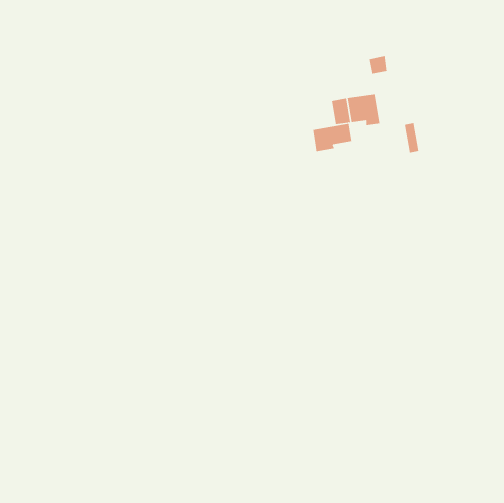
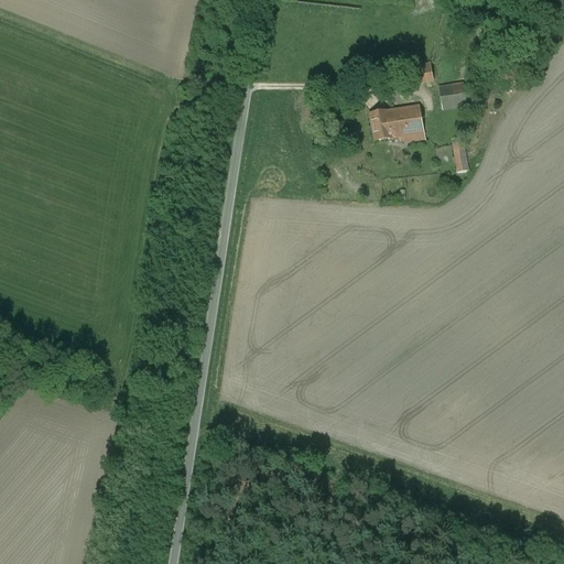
building: none -> [438,83,465,109]
building: [313,123,352,152] -> none

